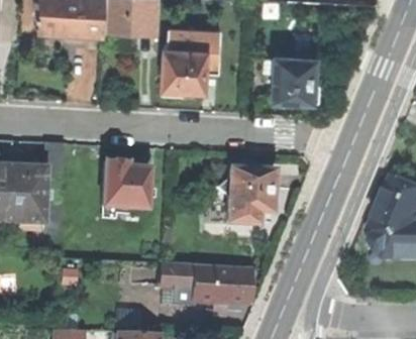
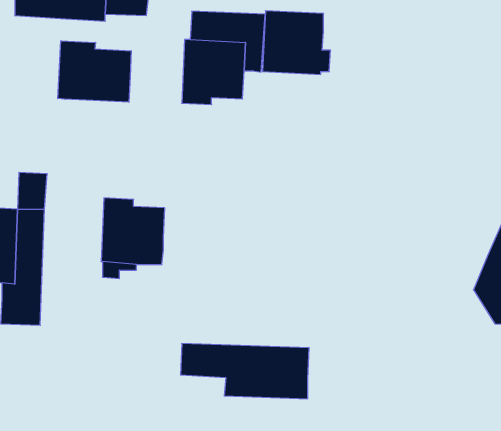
building: none -> [58,41,131,102]
building: [273,60,321,105] -> [263,11,331,74]
building: [215,170,276,226] -> none

